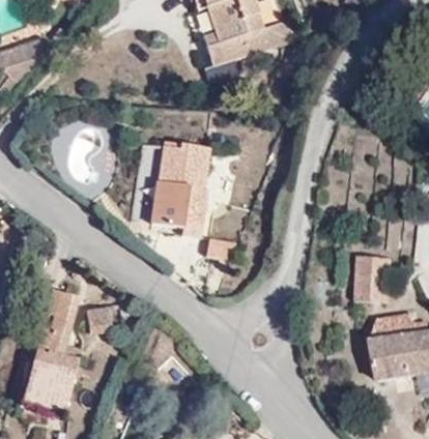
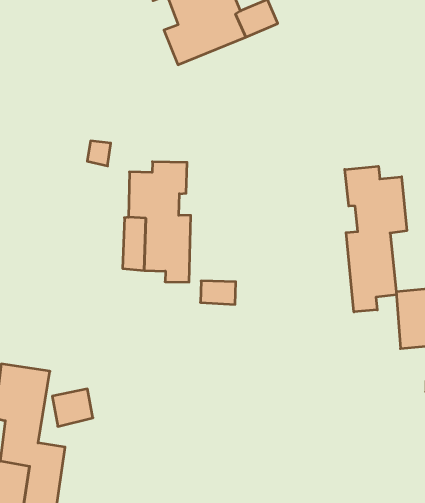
building: none -> [345,166,407,312]

